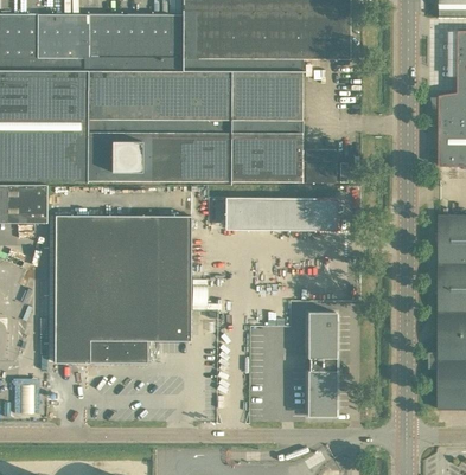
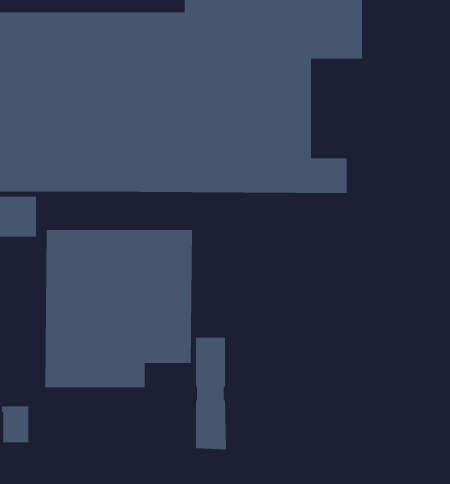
building: [224,197,334,230] -> none
building: [307,312,337,416] -> [195,337,227,450]

